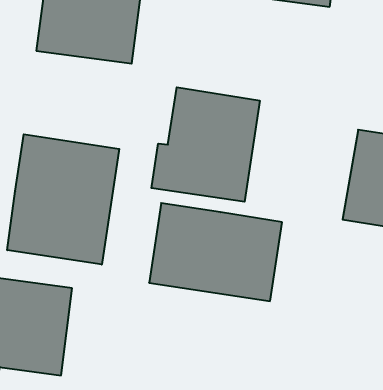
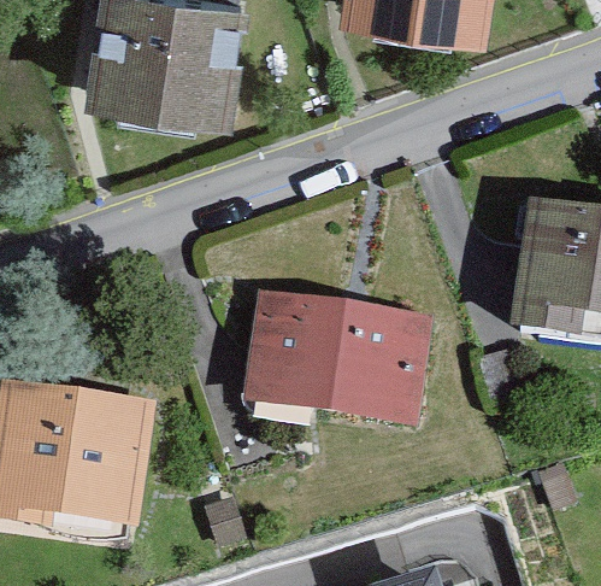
building: [151,87,260,202] -> none
building: [7,134,119,265] -> none

